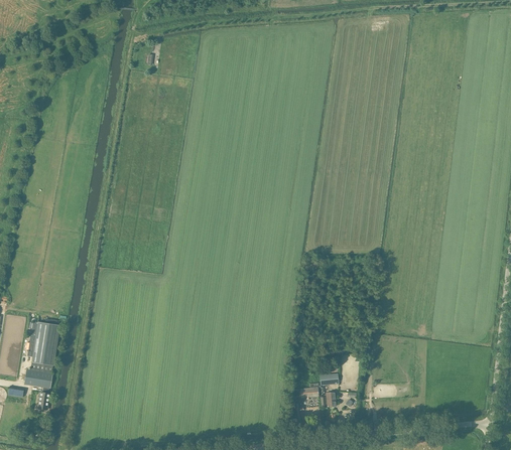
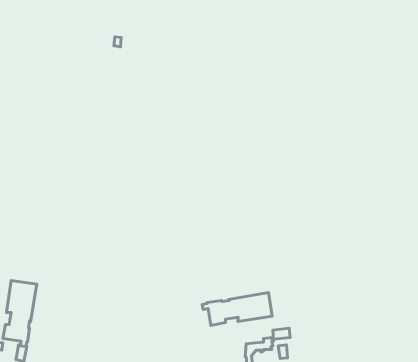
building: none -> [202,293,272,326]

